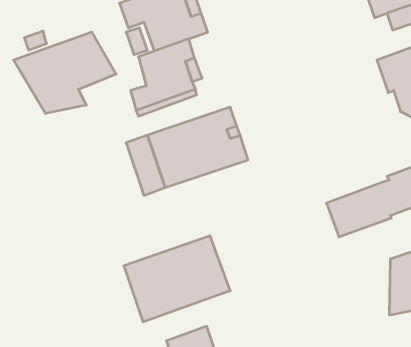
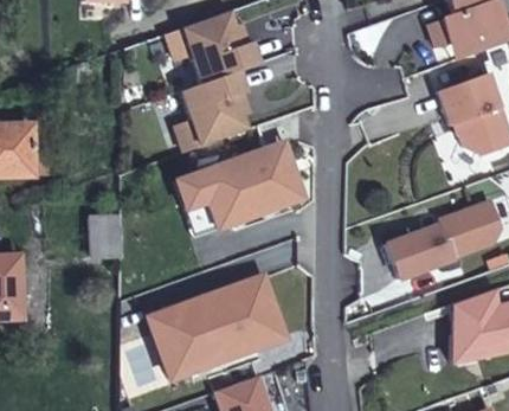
building: [13,32,116,113] -> none
building: none -> [89,216,118,255]
building: none -> [149,310,192,377]

